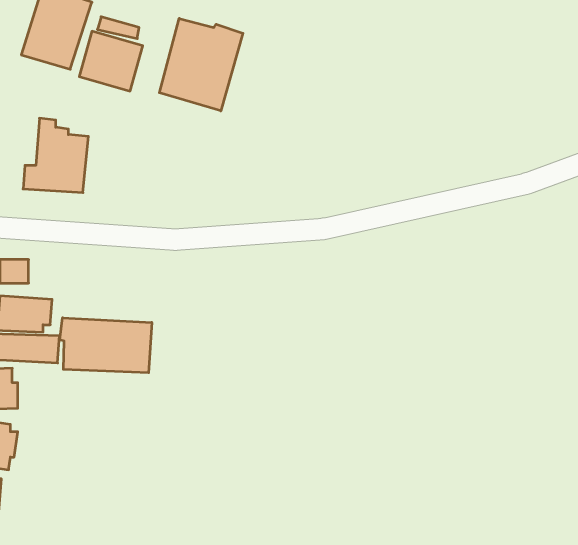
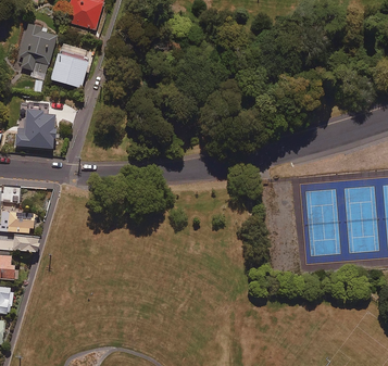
building: [159,18,243,111] -> none
building: [60,318,152,373] -> none

